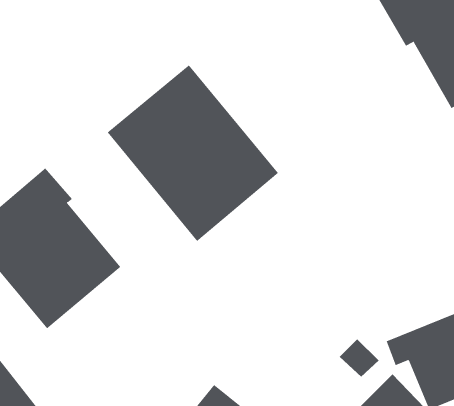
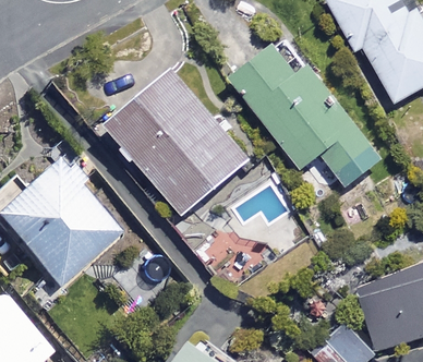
building: none -> [230,45,382,188]

